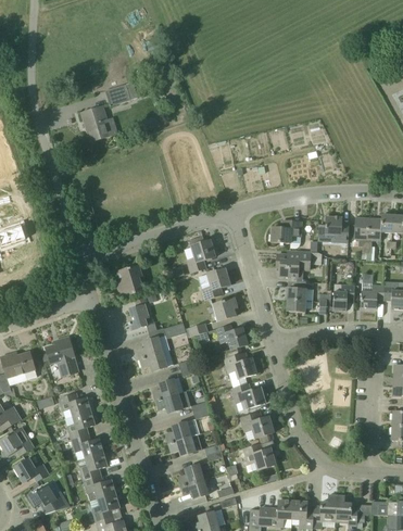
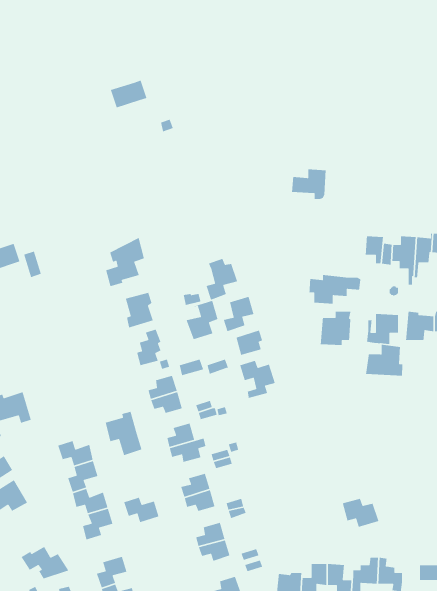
building: [80,105,117,140] -> none
building: none -> [105,237,145,287]
building: [270,220,301,248] -> [291,169,326,200]
building: none -> [186,300,219,340]
building: none -> [365,344,403,376]
building: [46,337,78,376] -> [105,411,142,456]
building: [224,352,256,379] -> none
building: [231,382,265,408] -> none
building: [240,410,274,438] -> none
building: [243,443,276,469] -> [342,498,379,528]
building: [14,458,49,481] -> none
building: [84,475,115,498] -> [123,495,160,523]

